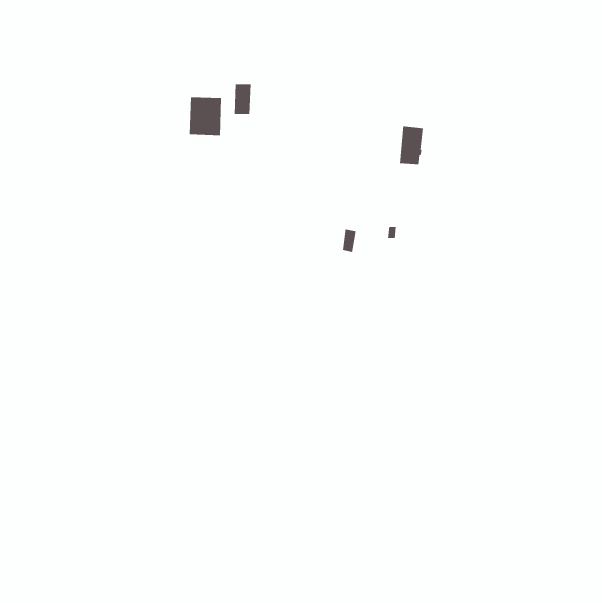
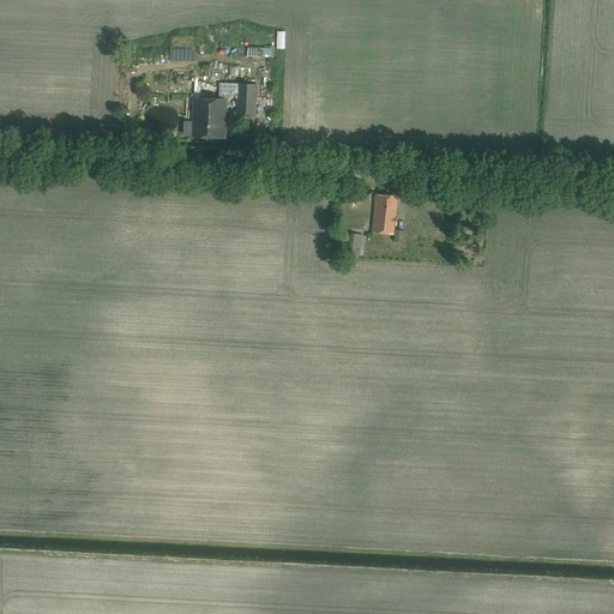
building: [399,126,424,165] -> [372,194,397,234]

